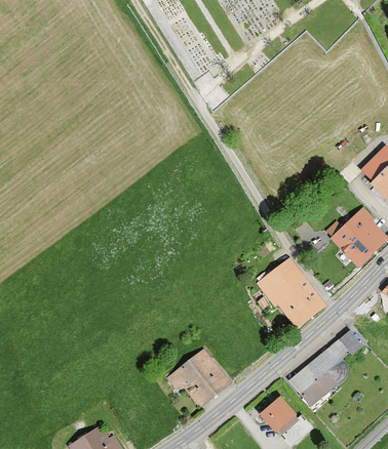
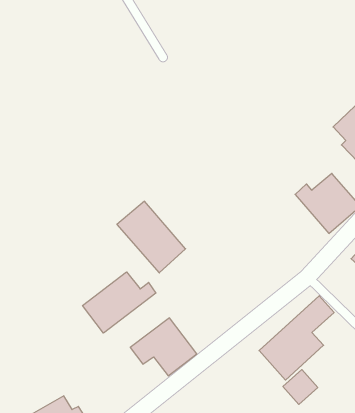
building: [257,260,323,330] -> [117,201,186,273]
building: none -> [83,272,156,333]
building: [260,396,294,430] -> [283,370,318,404]

